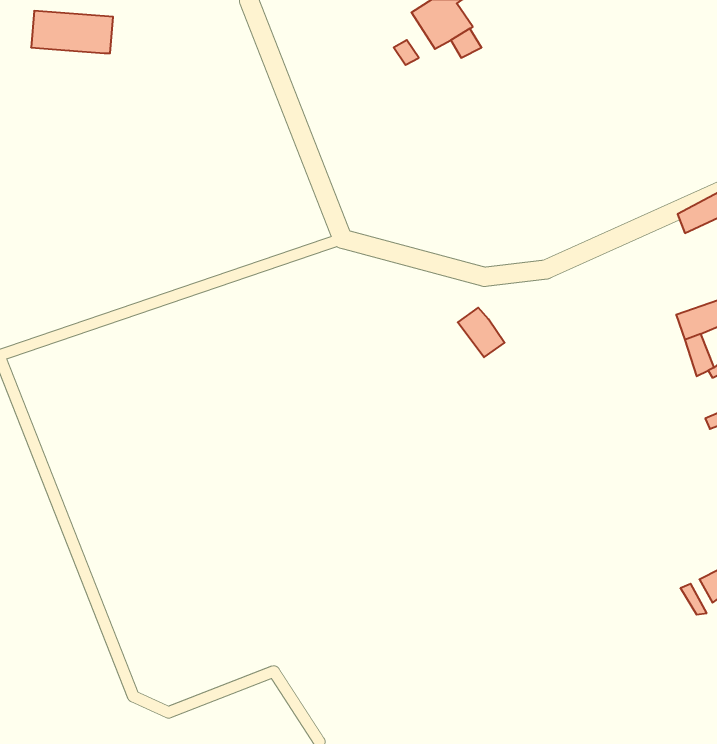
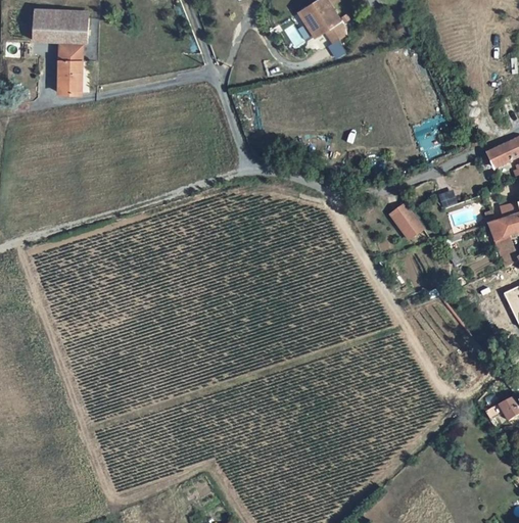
building: none -> [60,37,85,90]
building: [458,308,505,357] -> [388,204,421,239]

